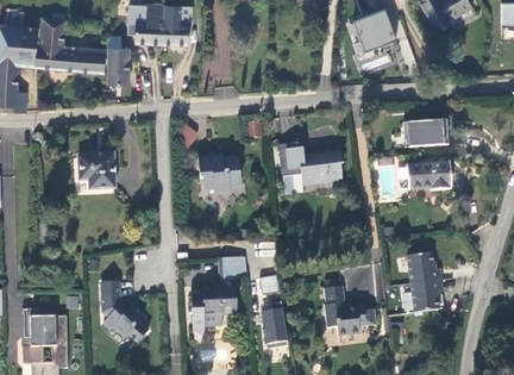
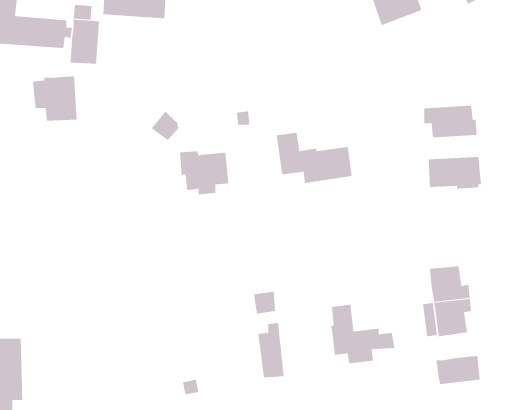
building: [77,152,115,190] -> [32,76,78,121]
building: [189,257,246,330] -> none
building: [100,280,149,340] -> none
building: none -> [436,355,480,385]

